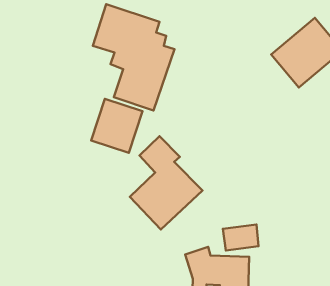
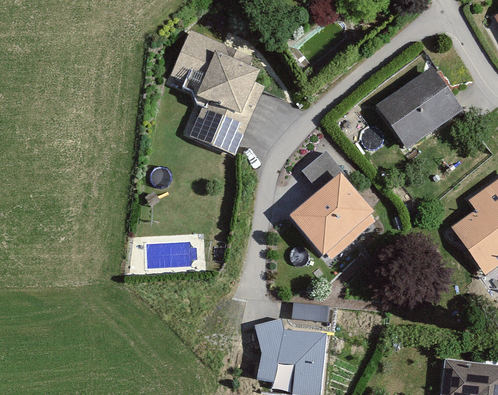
building: [91,99,142,153] -> none
building: [130,136,202,230] -> [287,149,371,256]

